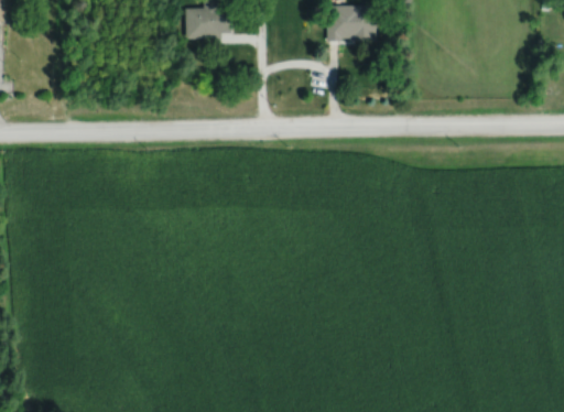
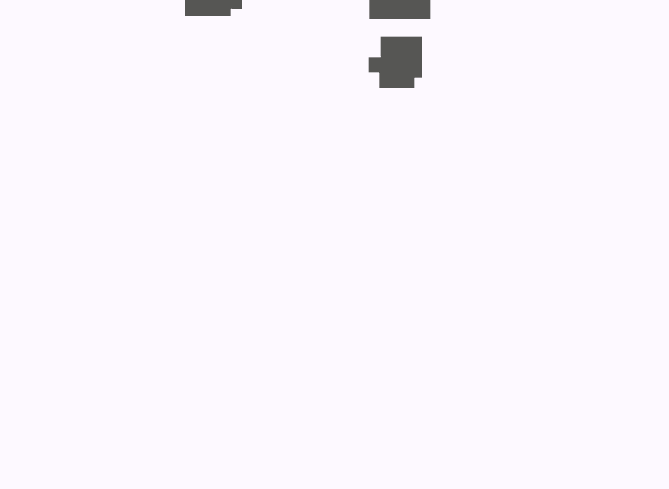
building: none -> [368,36,423,89]

